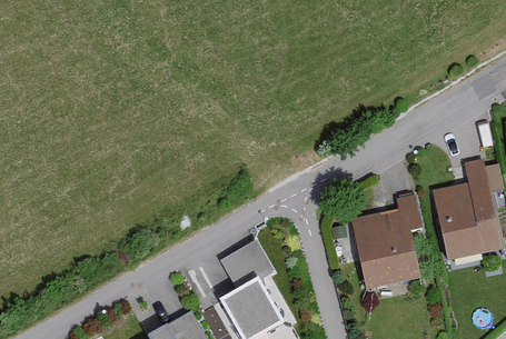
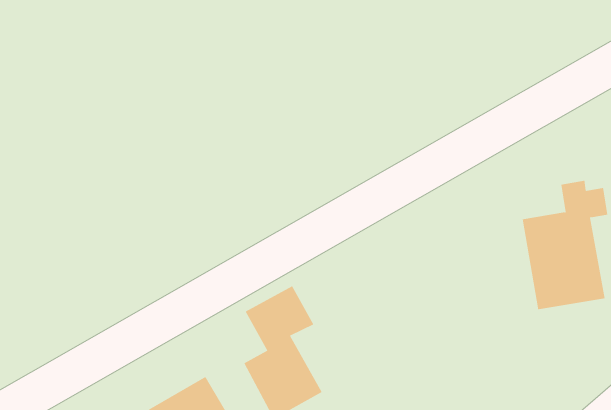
building: [353,196,420,291] -> none

